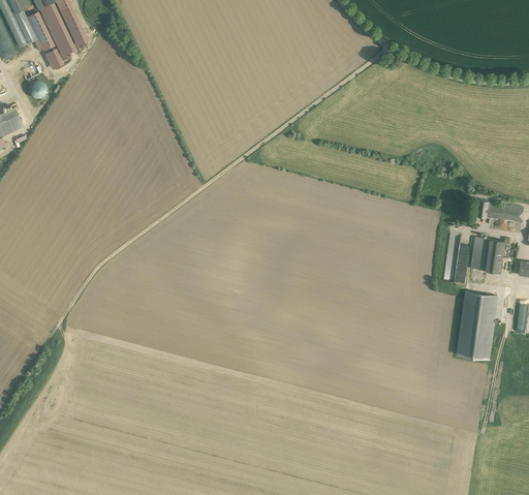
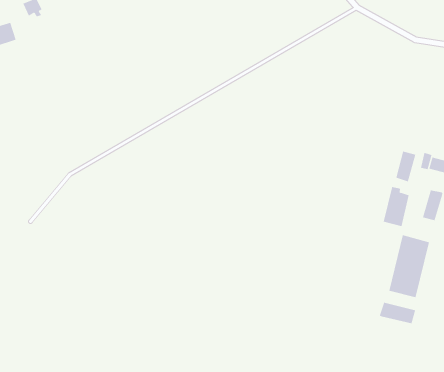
building: [471,238,491,271] -> [396,151,416,182]
building: none -> [379,302,416,324]

